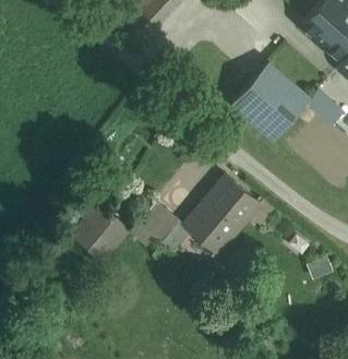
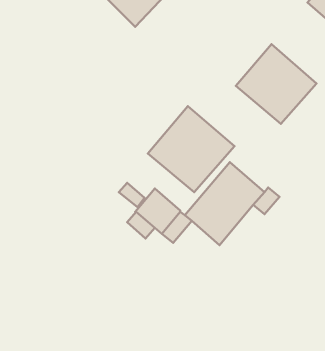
building: none -> [148,106,234,192]
building: [72,203,128,258] -> none

